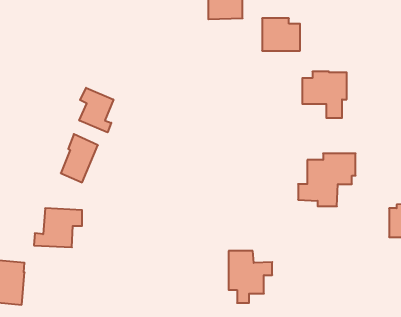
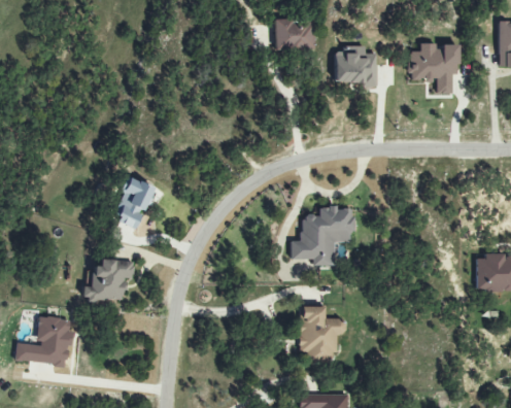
building: [302,72,347,118] -> [409,43,458,95]
building: [79,88,113,132] -> none
building: [298,153,356,206] -> [291,207,354,266]

